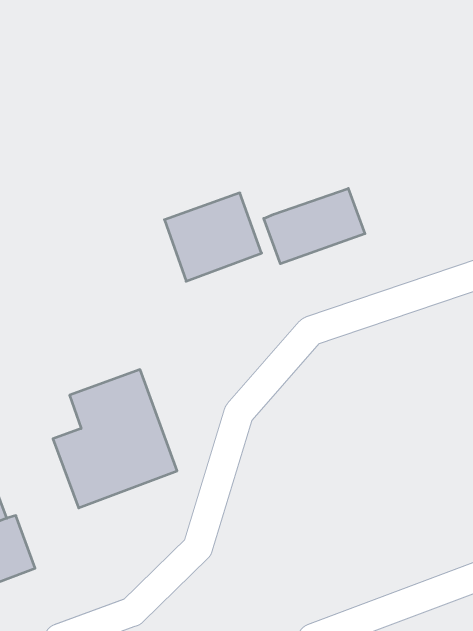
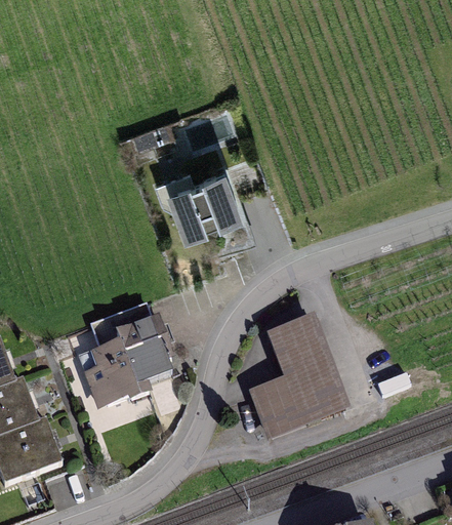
building: [264,188,365,264] -> none
building: none -> [248,312,350,438]

